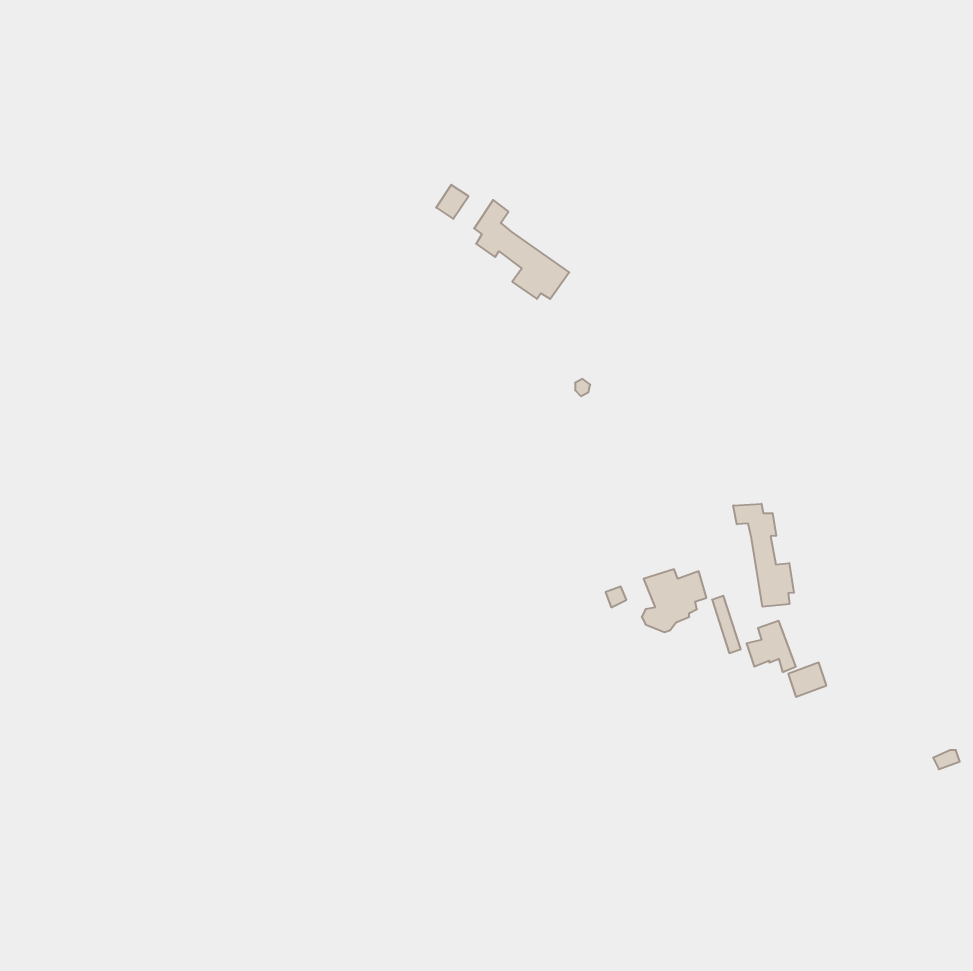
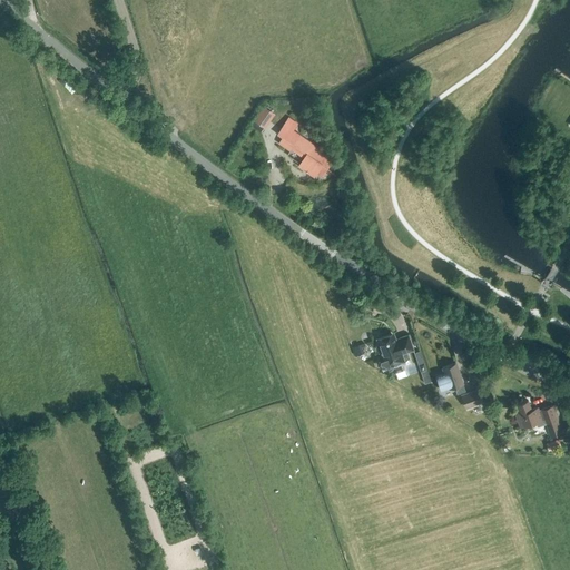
building: [733,504,794,607] -> none
building: none -> [514,401,563,436]

